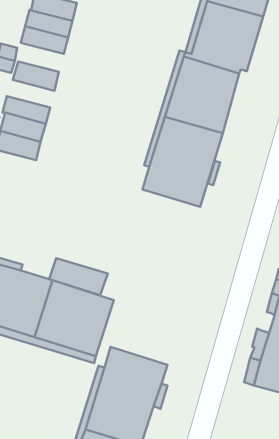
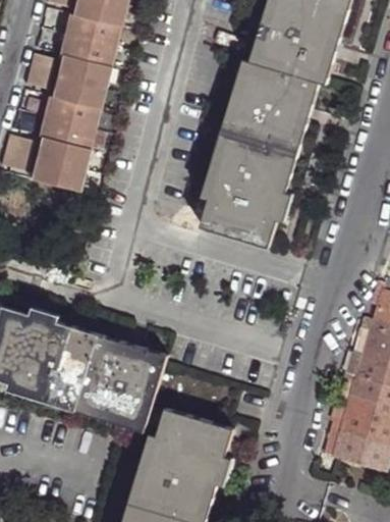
building: none -> [57,53,111,87]
building: none -> [44,95,100,128]
building: [49,258,108,295] -> none

